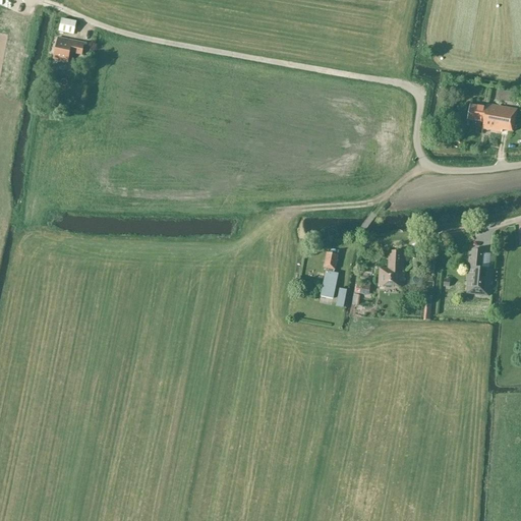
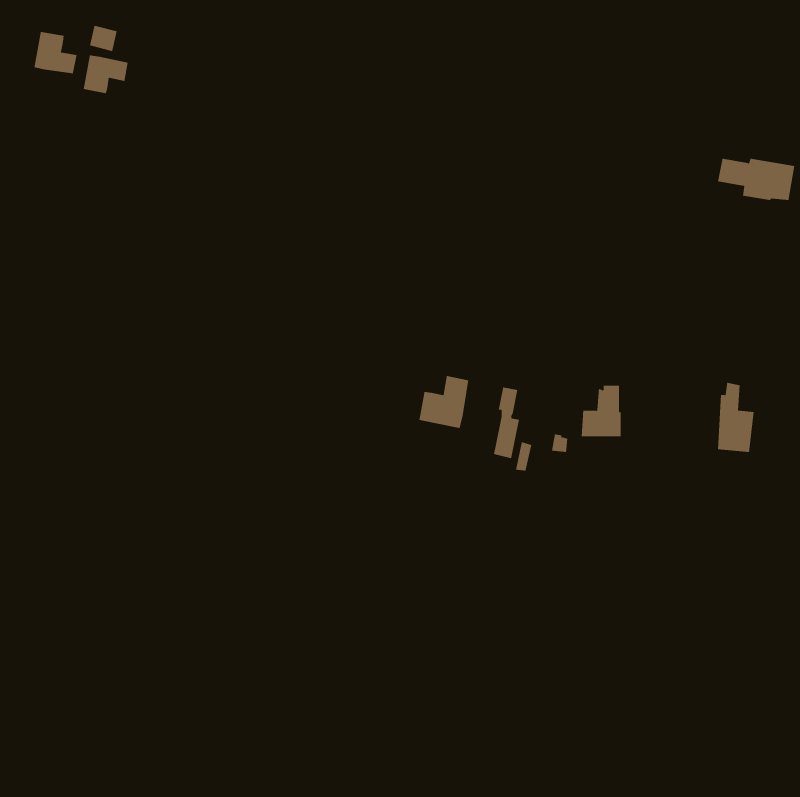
building: none -> [34,31,77,74]
building: none -> [419,375,469,429]

